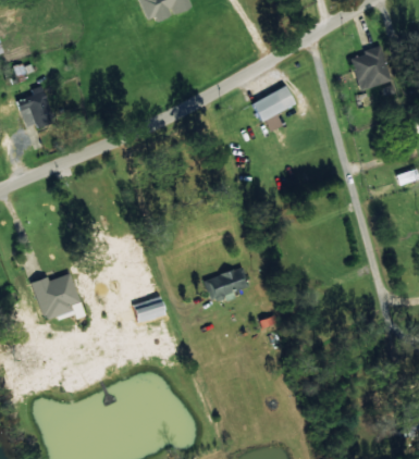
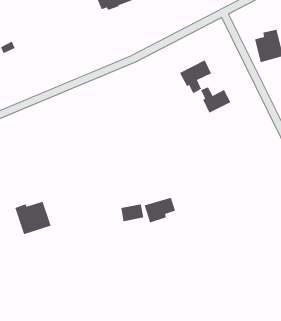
building: [19,86,53,127] -> none
building: none -> [200,86,231,114]
building: [134,298,165,322] -> [120,204,144,222]

